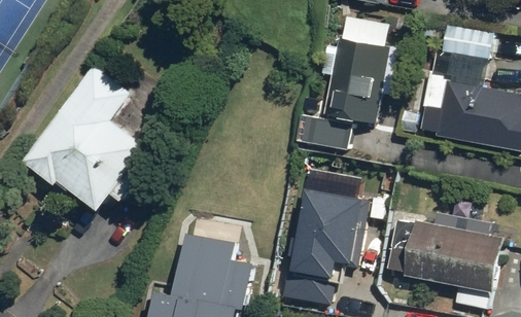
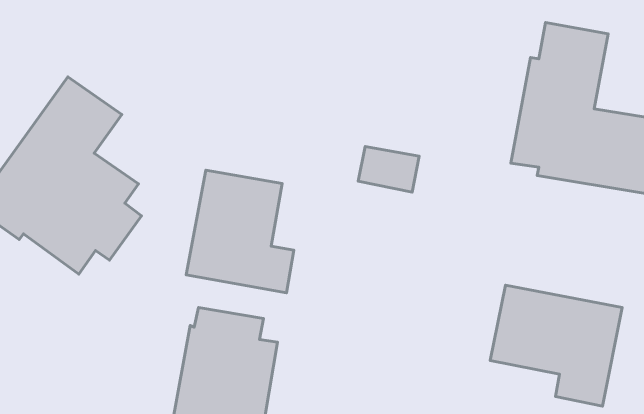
building: [323,37,388,124] -> none
building: none -> [186,170,294,293]
building: [282,188,370,305] -> none

